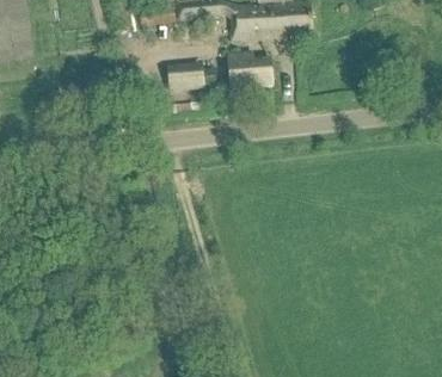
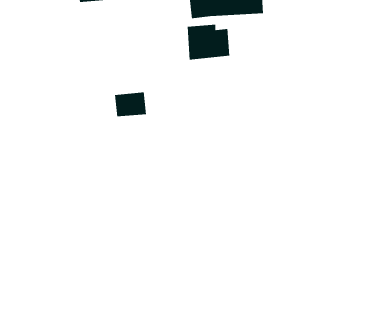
building: [168,64,204,92] -> [114,92,147,117]

